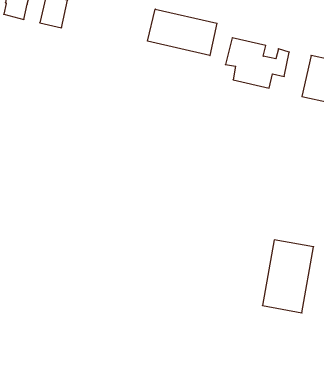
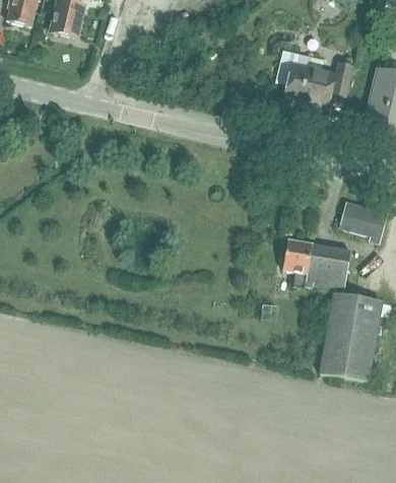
building: [148,9,217,56] -> none
building: none -> [338,202,387,237]
building: none -> [282,238,350,290]

